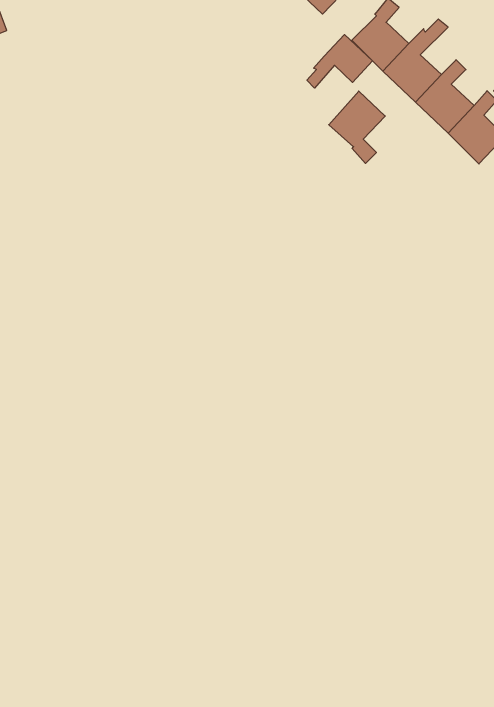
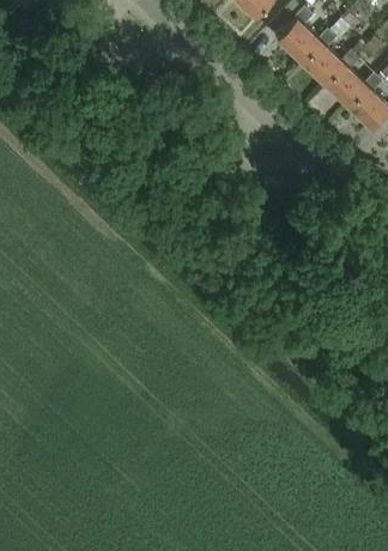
building: [307,35,373,88] -> none
building: [329,91,385,163] -> none

